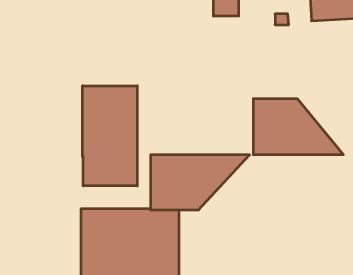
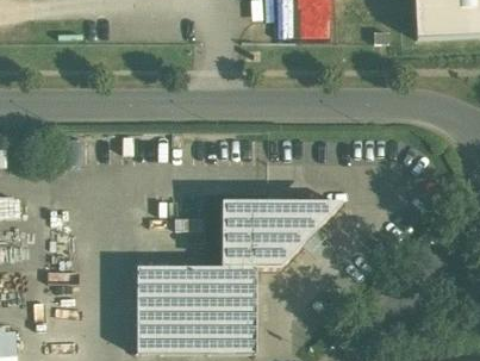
building: [83,86,137,186] -> none
building: [253,99,343,155] -> none

